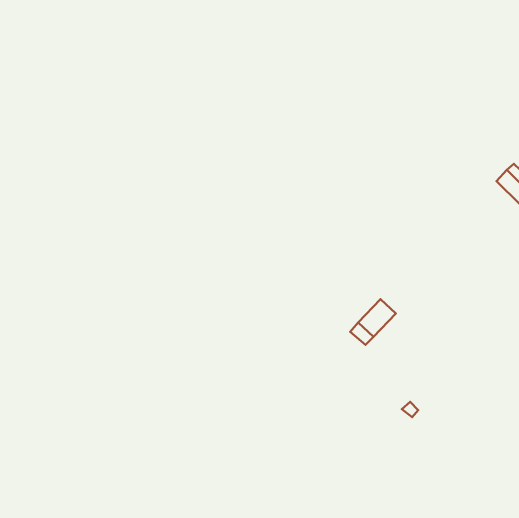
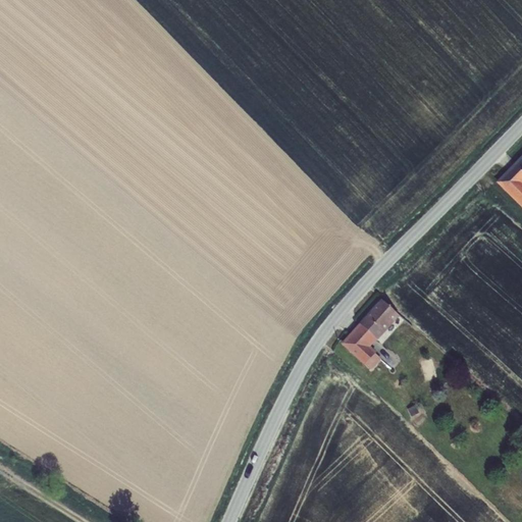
building: none -> [343,332,375,364]

